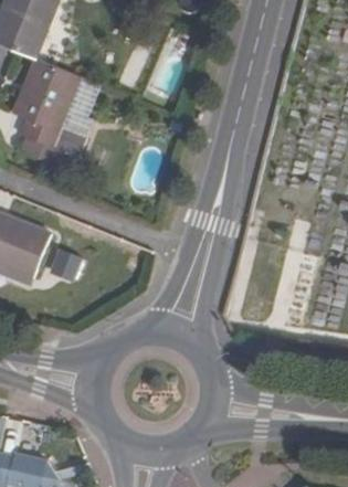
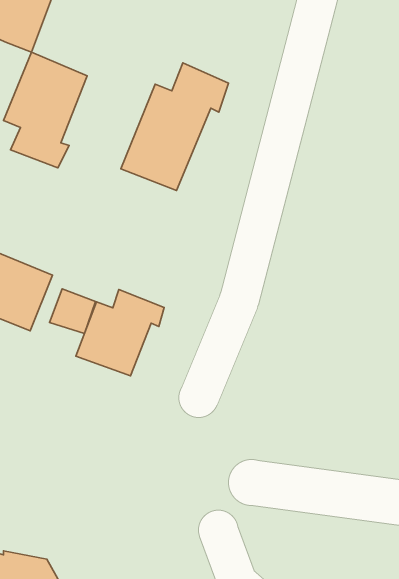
building: none -> [121,63,229,190]
building: none -> [76,290,164,376]

